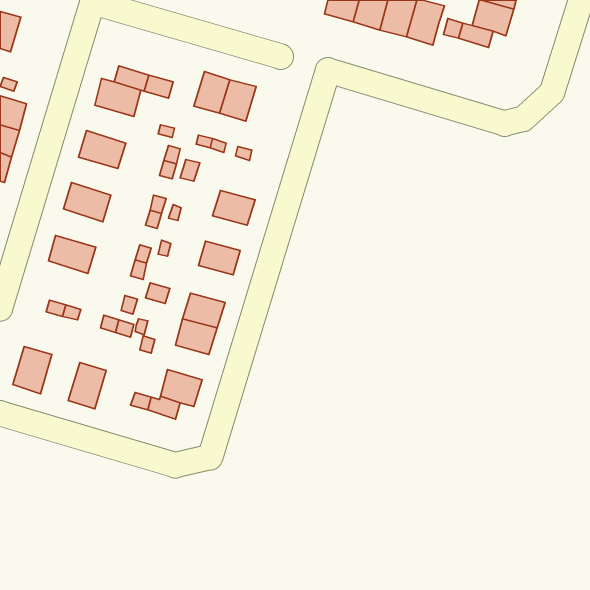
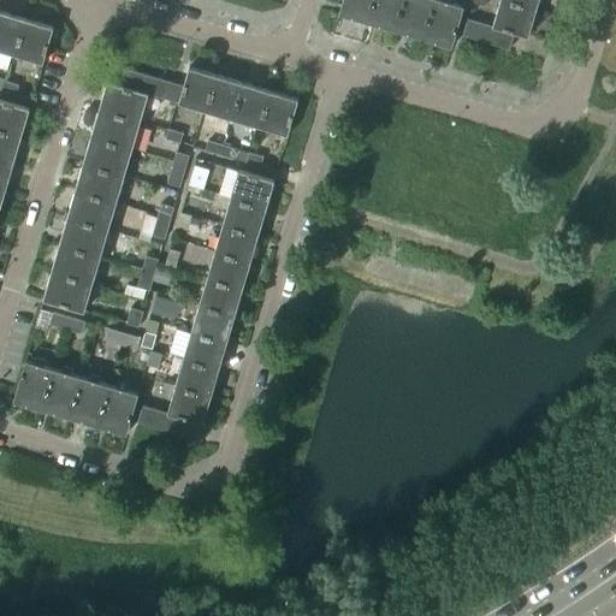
building: none -> [11,18,53,64]
building: none -> [176,67,213,111]
building: none -> [256,90,297,135]
building: none -> [90,109,140,149]
building: none -> [75,164,123,203]
building: none -> [230,170,273,208]
building: none -> [58,218,107,257]
building: none -> [214,225,257,261]
building: none -> [42,272,91,312]
building: none -> [199,277,243,315]
building: none -> [174,360,218,396]
building: none -> [42,369,83,417]
building: none -> [99,386,137,434]

